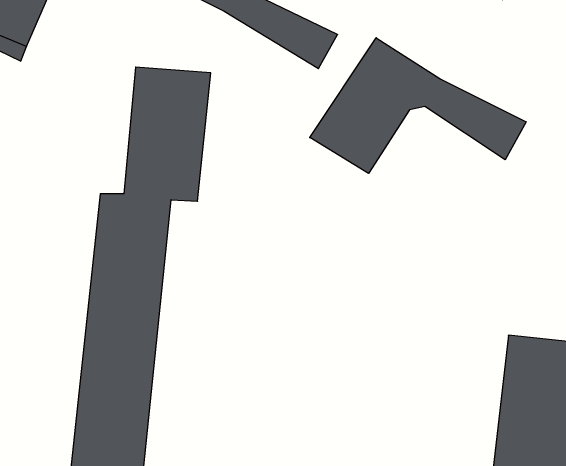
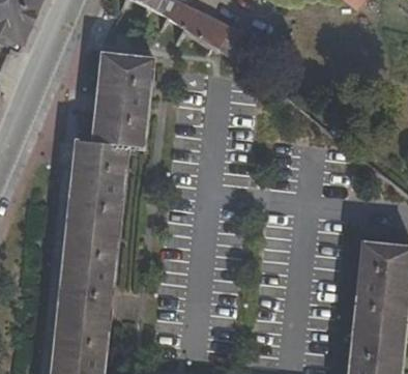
building: [310,38,526,173] -> none

